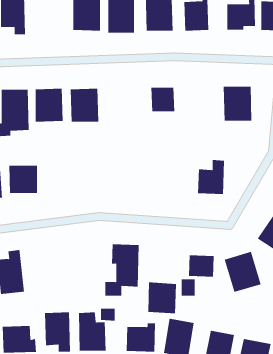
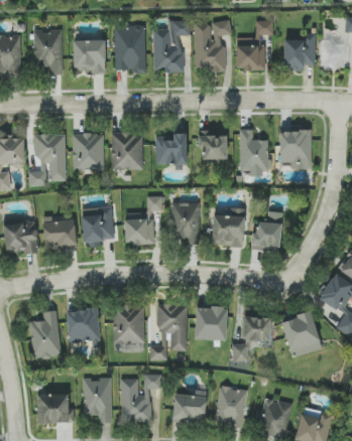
building: none -> [73,39,106,72]
building: none -> [239,128,269,174]
building: none -> [155,134,187,164]
building: none -> [125,195,162,244]
building: none -> [172,200,200,244]
building: none -> [82,206,114,244]
building: none -> [211,207,245,246]
building: none -> [113,304,145,343]
building: none -> [67,308,100,348]
building: [147,282,177,314] -> [195,305,227,340]

